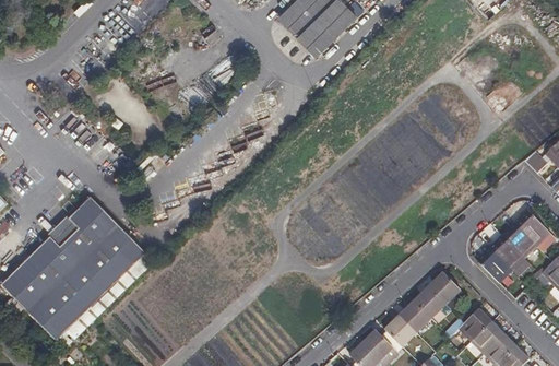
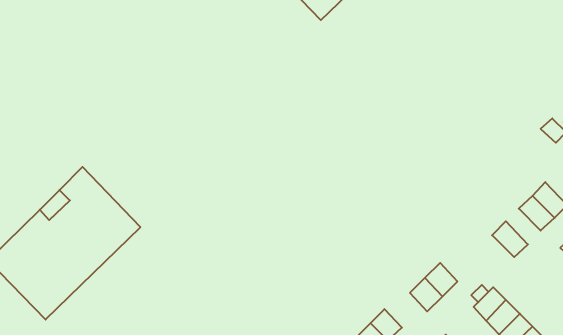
building: [490,235,523,269] -> none
building: [428,272,460,304] -> none
building: [384,315,416,346] -> none

